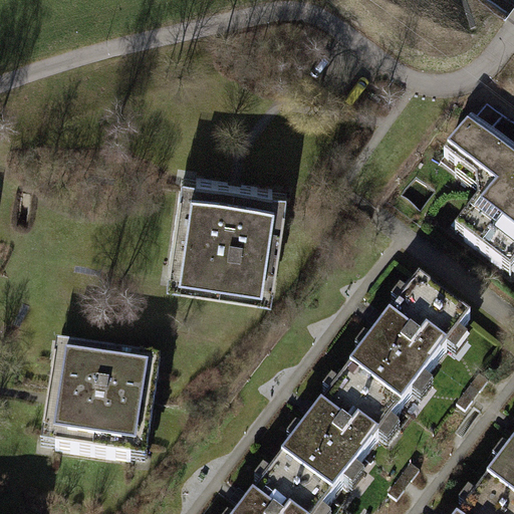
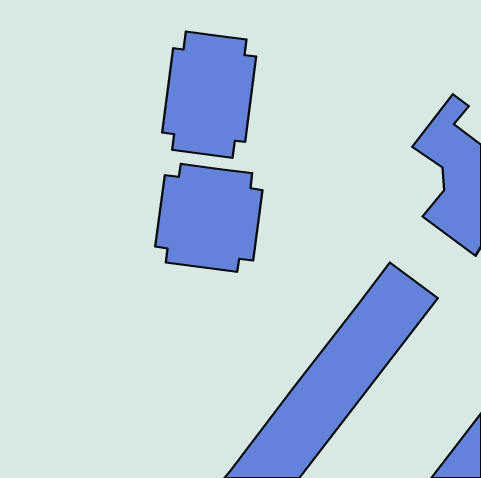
building: none -> [162,31,256,158]
building: [39,343,154,459] -> none

